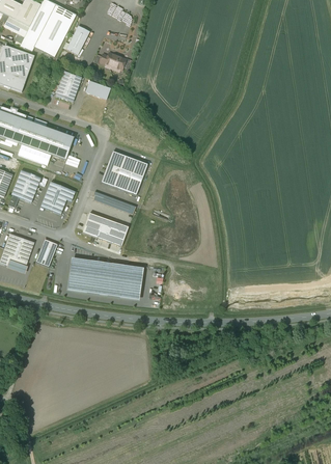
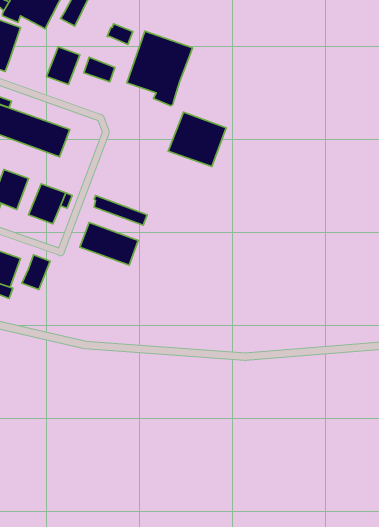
building: none -> [127,31,193,106]
building: [101,151,147,194] -> [168,112,226,167]
building: [66,257,143,300] -> none

